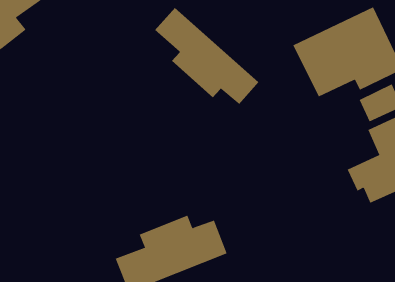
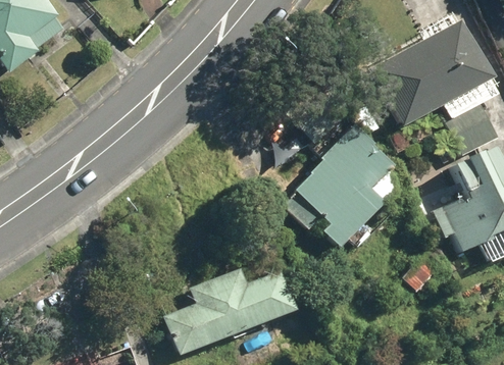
building: [154,7,259,105] -> none
building: none -> [276,124,409,259]

